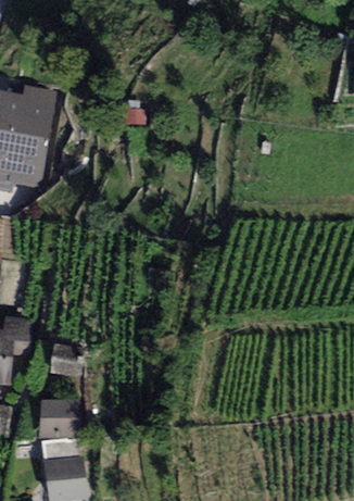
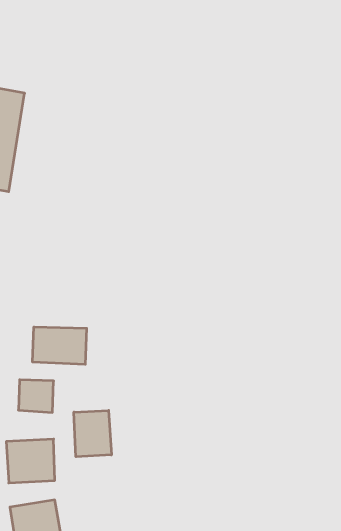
building: none -> [33,327,87,364]
building: none -> [74,410,111,457]

